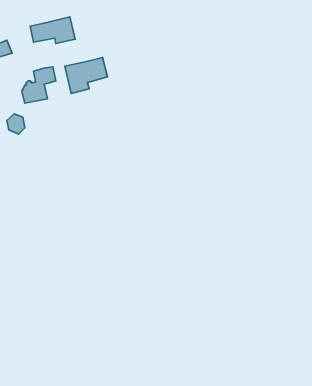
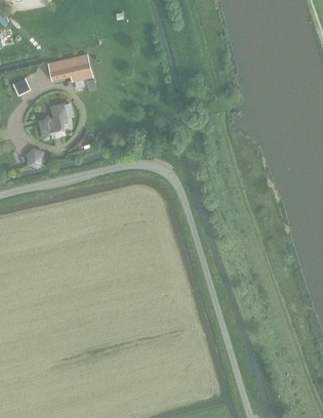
building: [65,58,108,93] -> none

